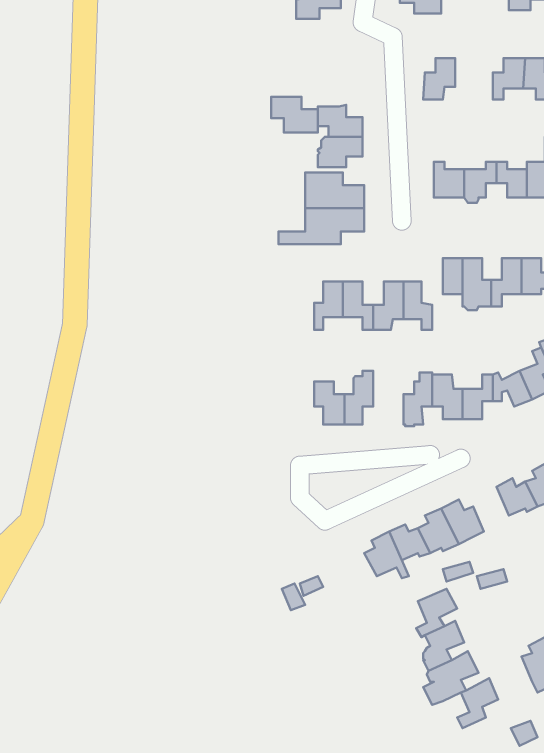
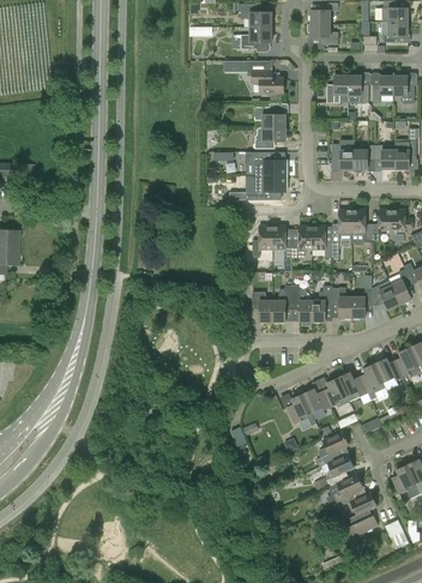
building: none -> [348,76,369,103]
building: [271,97,318,133] -> [252,70,283,94]
building: none -> [293,286,313,325]
building: none -> [360,363,386,401]

